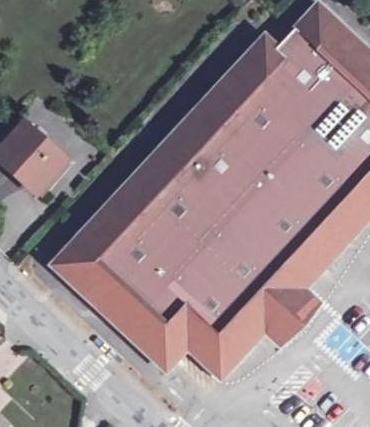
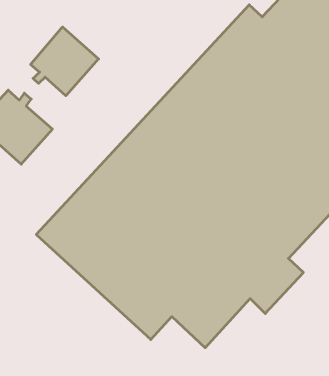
building: none -> [31,27,99,96]

